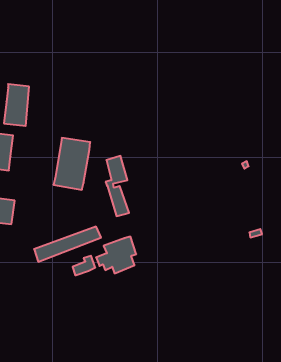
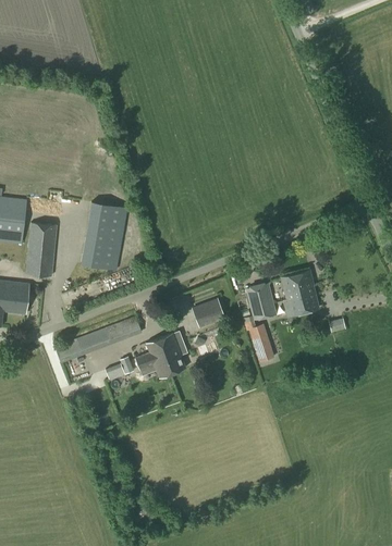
building: [4,84,29,126] -> [24,222,57,276]
building: [106,156,129,216] -> [244,284,274,362]
building: none -> [281,270,319,315]
building: none -> [193,300,224,330]

